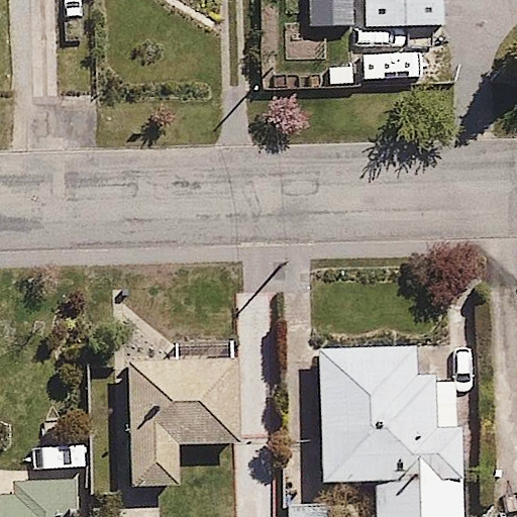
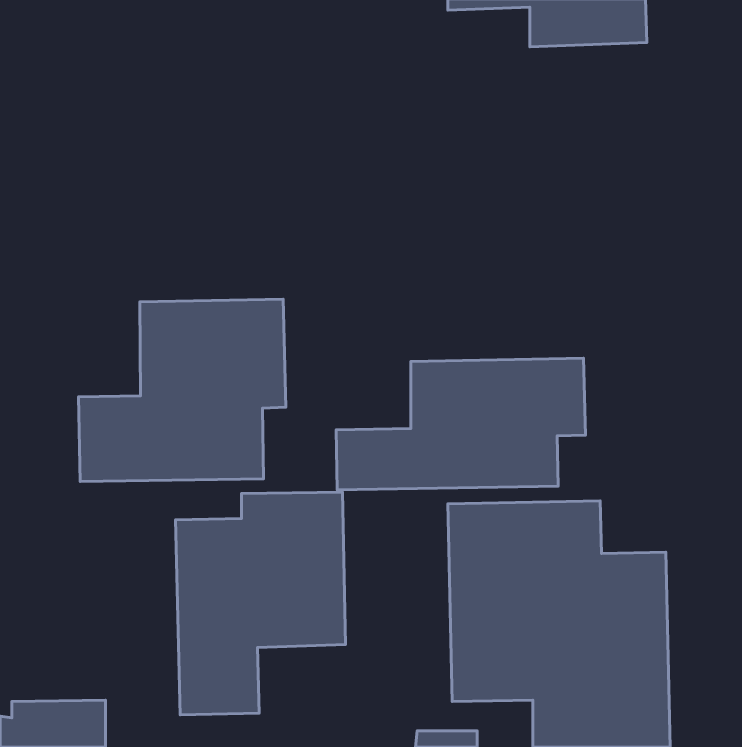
building: none -> [79,299,286,482]
building: none -> [336,358,585,490]

